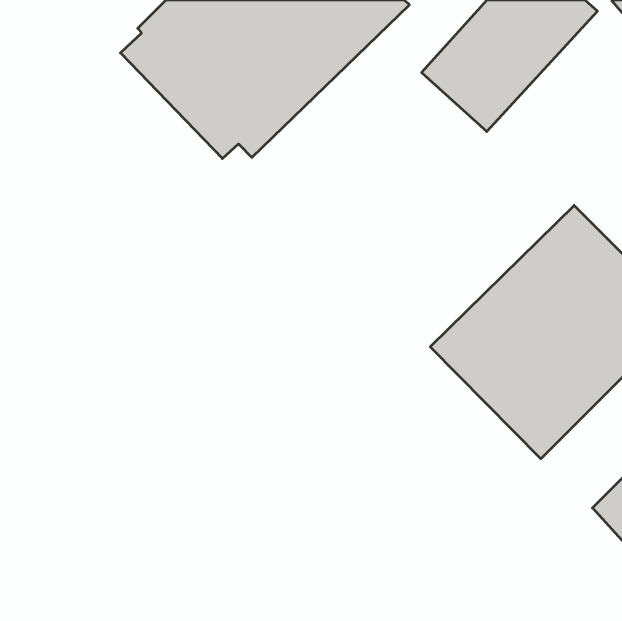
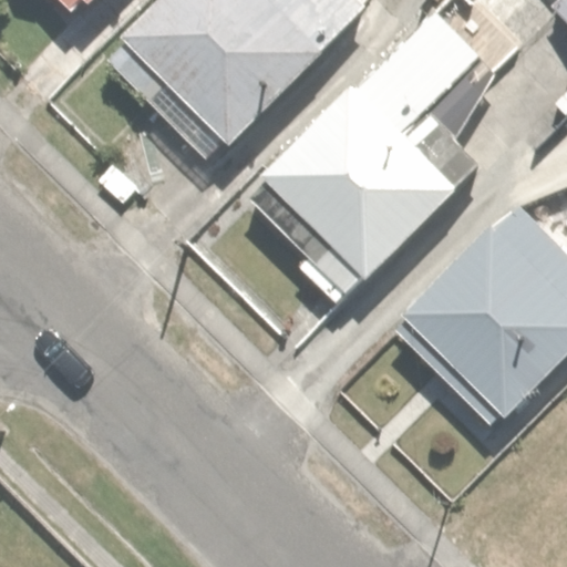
building: none -> [252,74,463,296]

